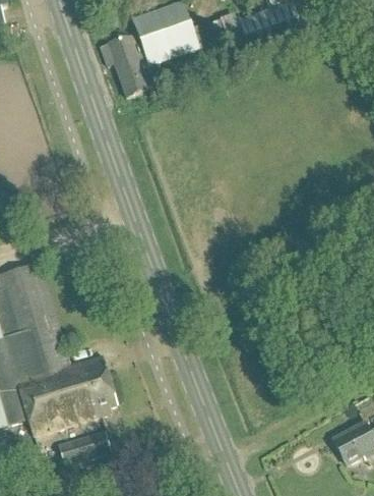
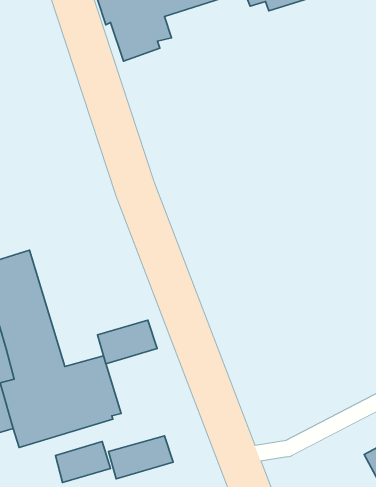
building: none -> [98,320,157,364]
building: none -> [109,436,173,479]

